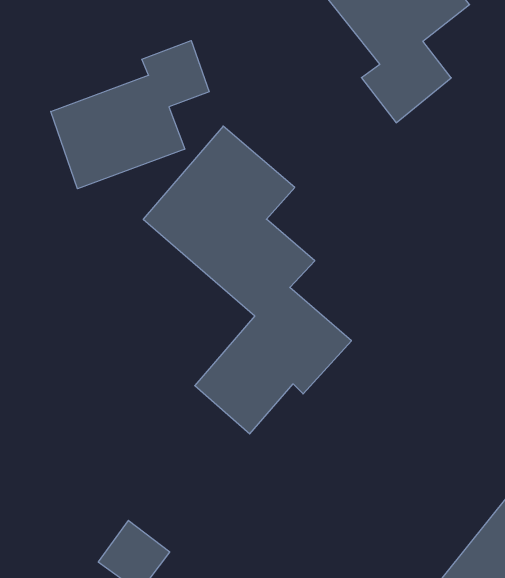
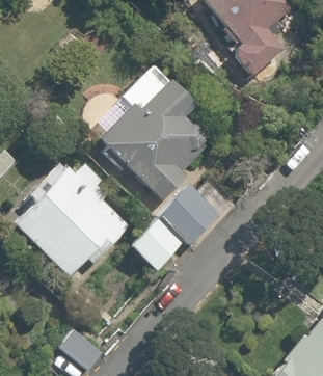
building: [51,41,209,189] -> none
building: none -> [11,157,132,276]

